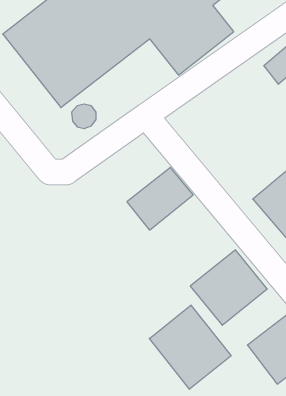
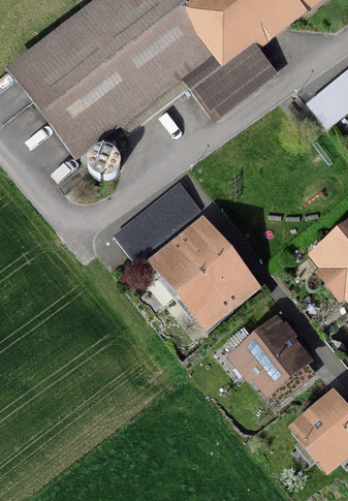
building: none -> [117,184,202,259]
building: none -> [180,253,254,323]
building: [149,305,231,389] -> none

